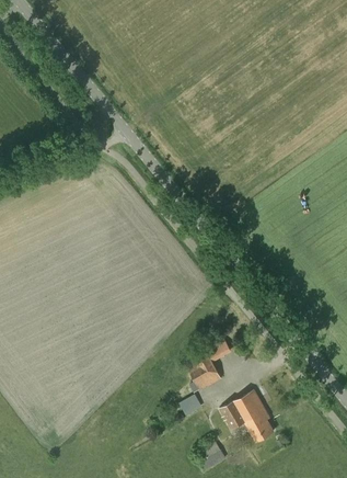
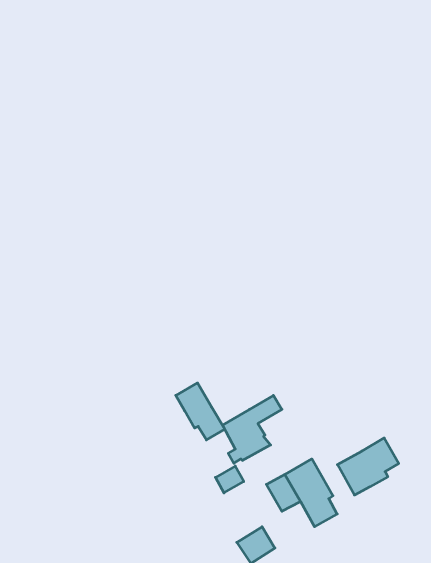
building: none -> [176,383,225,440]
building: none -> [337,438,399,495]

